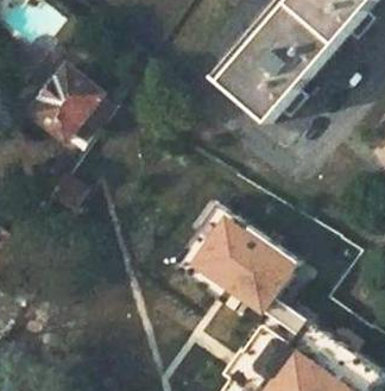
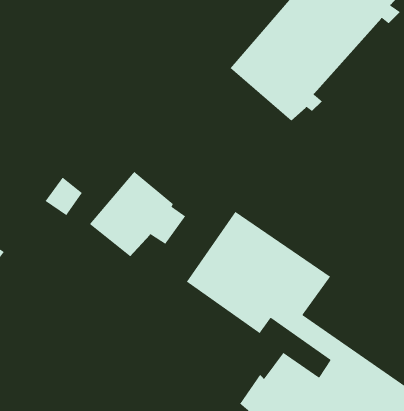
building: [26,68,111,143] -> [89,171,186,257]

